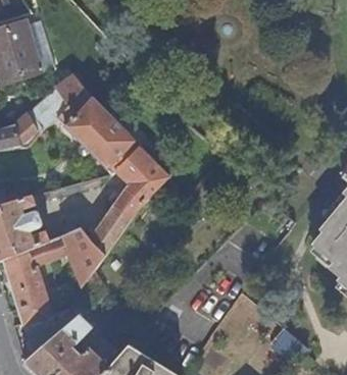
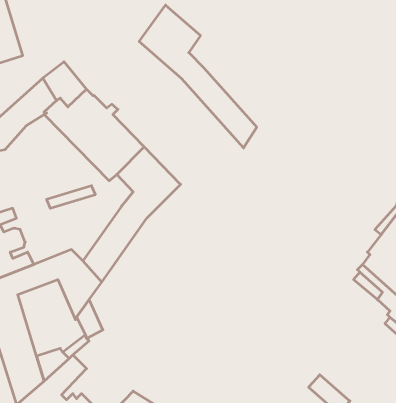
building: none -> [139,5,257,148]

